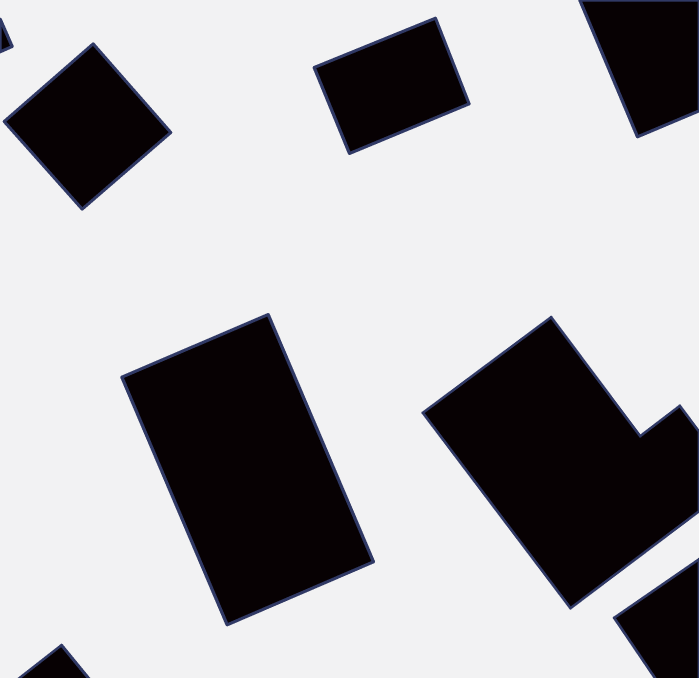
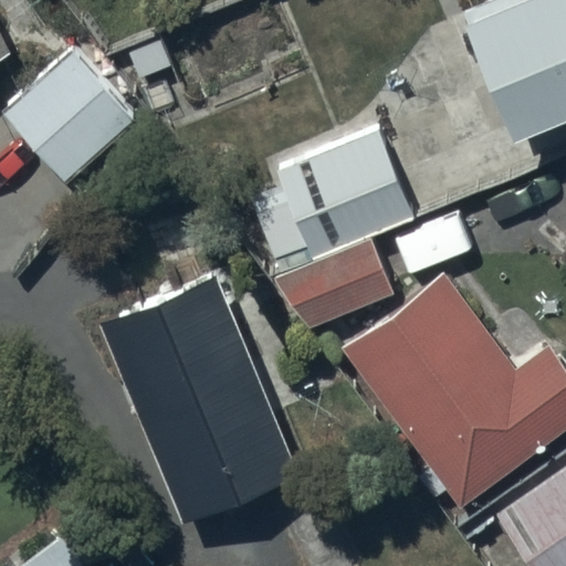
building: [314,18,469,153] -> none
building: none -> [250,130,415,328]

